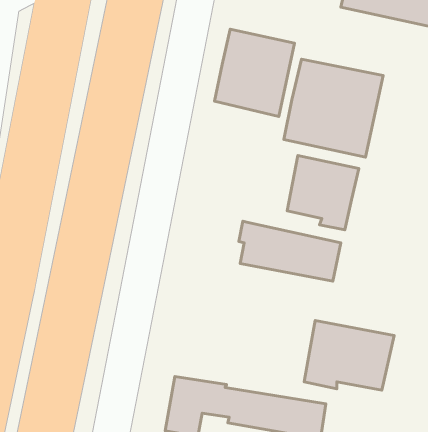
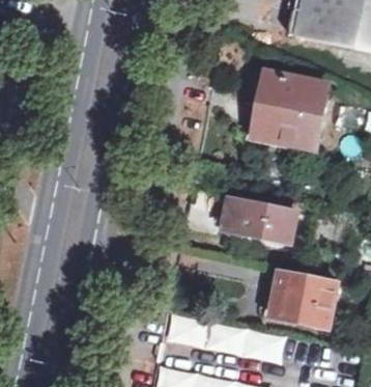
building: [215,29,295,116] -> none
building: [287,155,359,230] -> none

